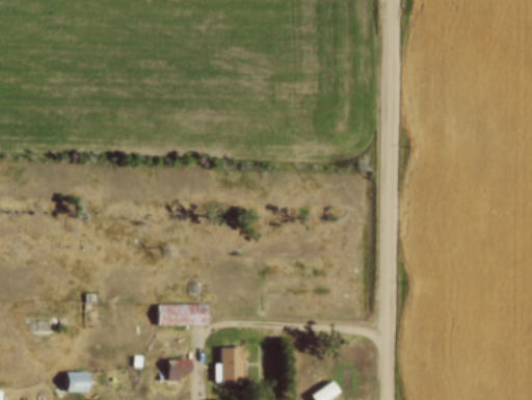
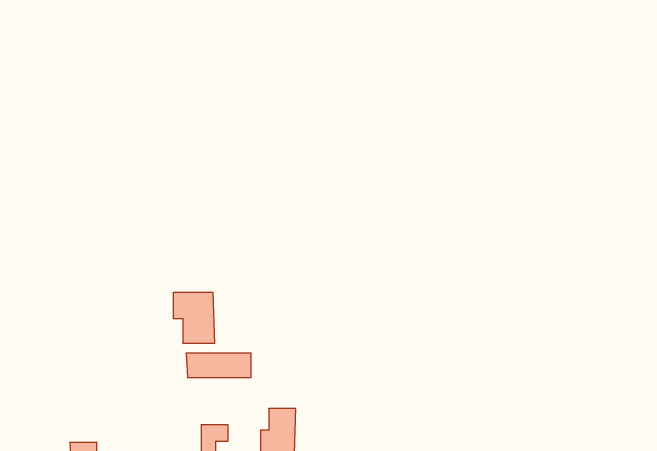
building: none -> [174,292,214,344]

